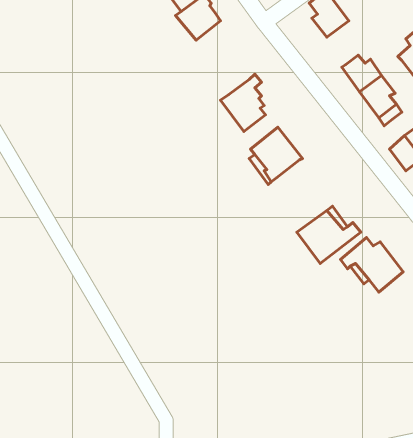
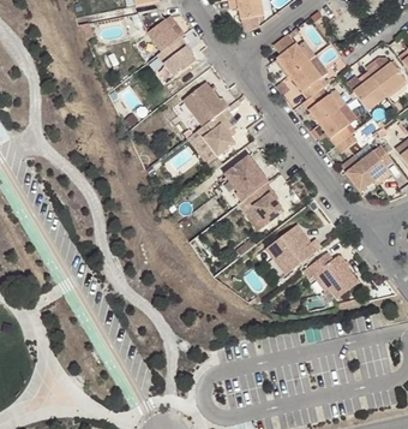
building: none -> [290,59,324,97]
building: none -> [184,79,229,124]
building: none -> [246,181,283,222]

